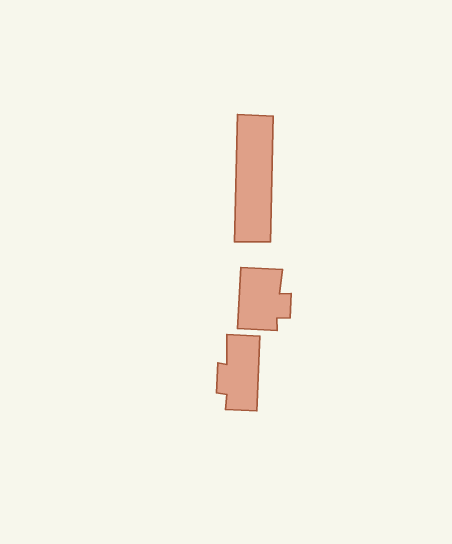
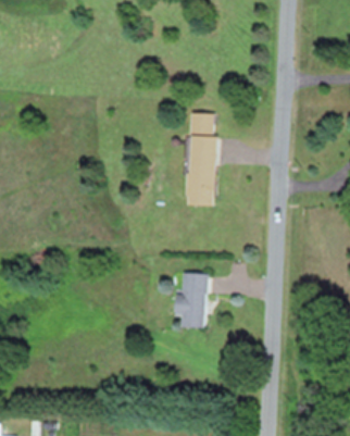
building: [237,268,291,330] -> none

